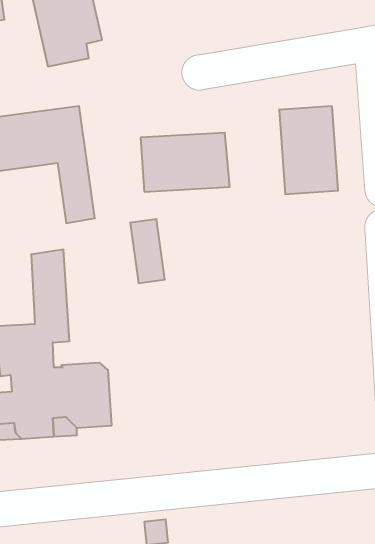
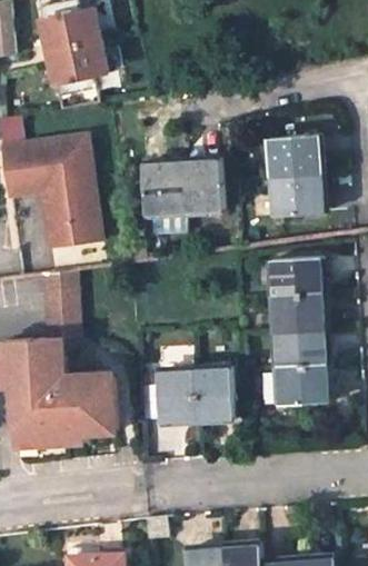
building: [130,219,165,283] -> [40,188,72,247]
building: none -> [270,258,328,405]
building: none -> [158,369,232,421]

